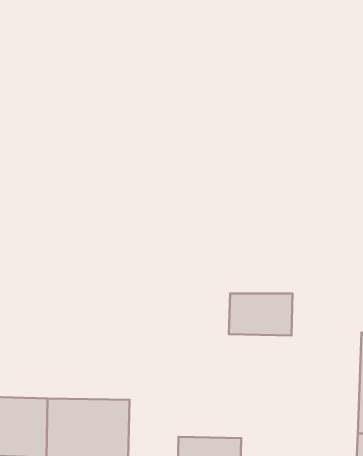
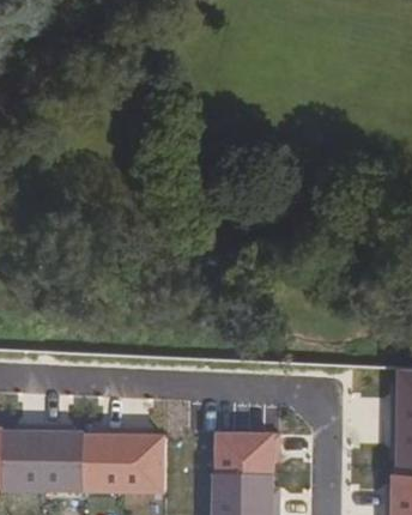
building: [229,293,293,336] -> [214,431,278,473]

